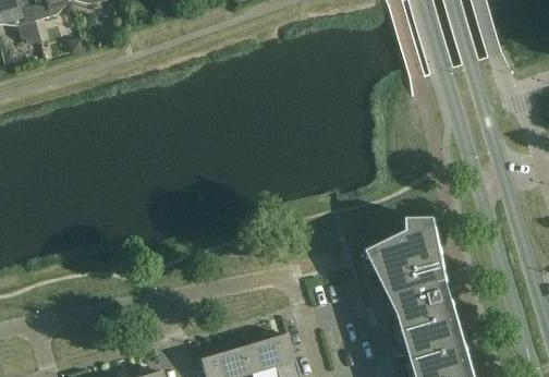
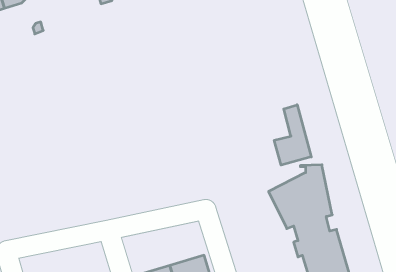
building: none -> [274,105,311,165]

